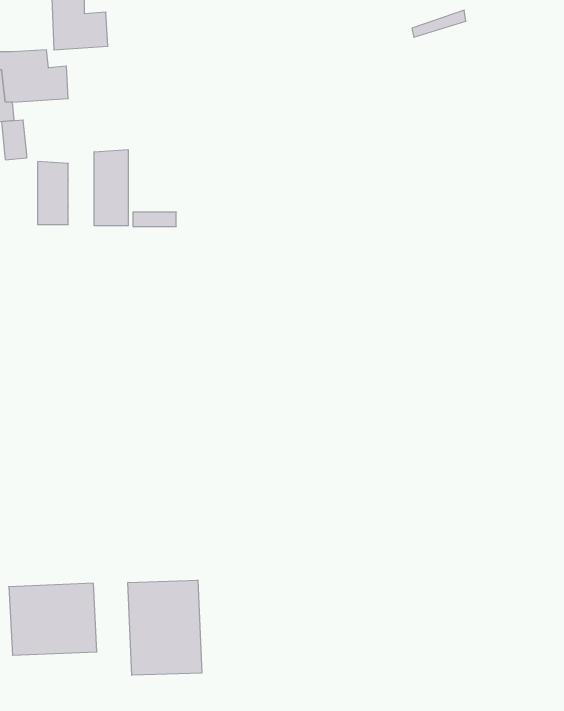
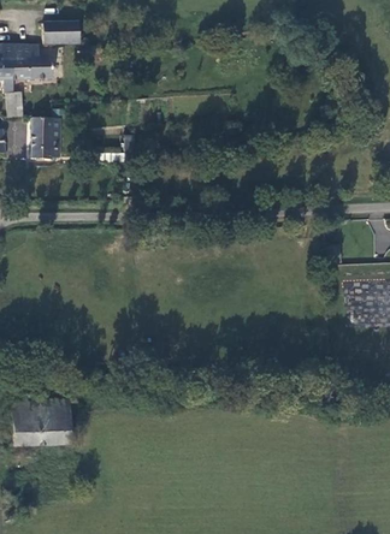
building: [94,150,128,226] -> none
building: [128,580,202,675] -> none

